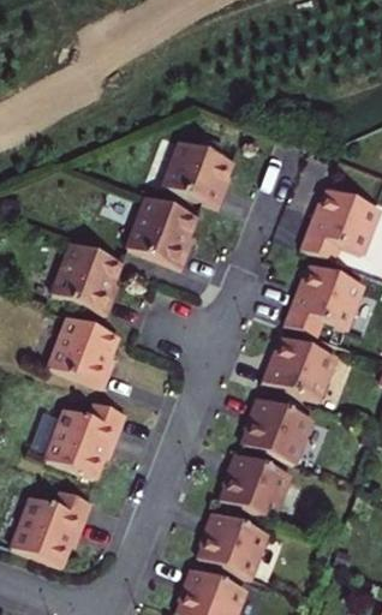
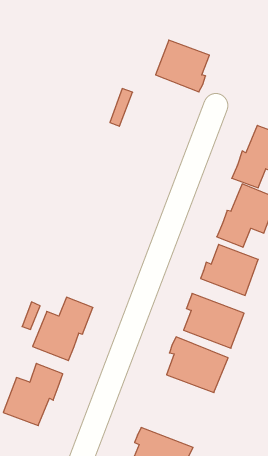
building: [162,142,231,208] -> [156,40,209,92]
building: [129,197,197,264] -> none
building: [53,243,121,310] -> none
building: [38,312,108,378] -> none
building: [197,510,275,581] -> none

